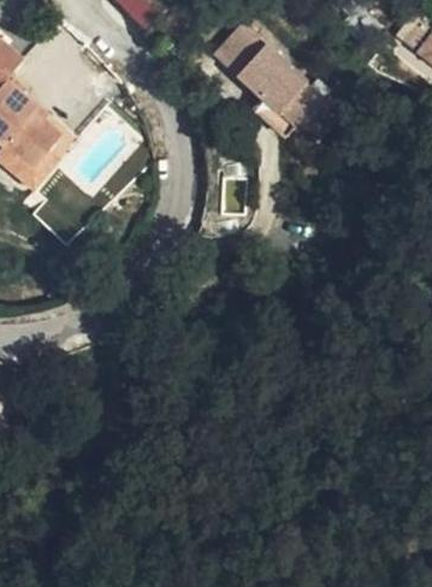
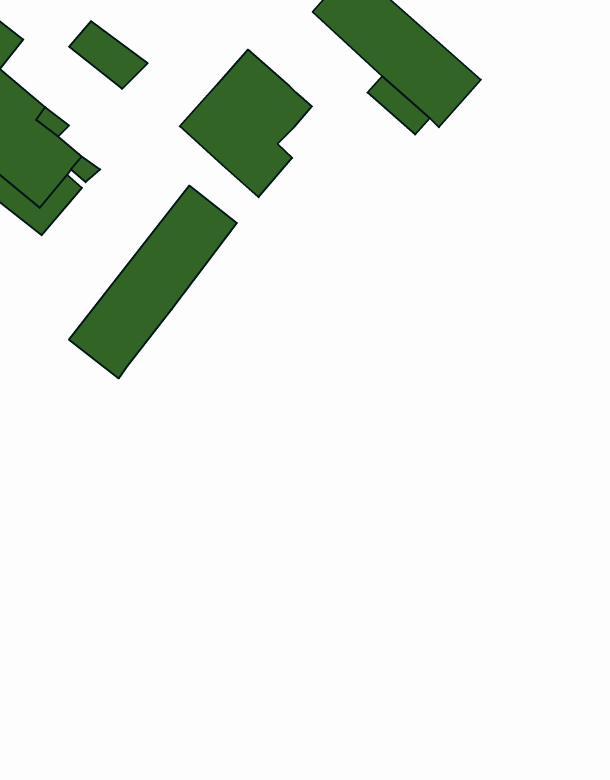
building: none -> [180,50,312,197]
building: none -> [69,186,237,378]

